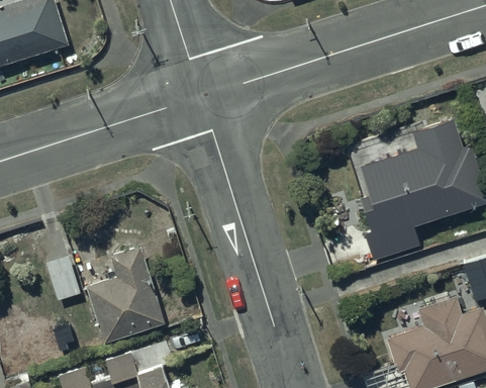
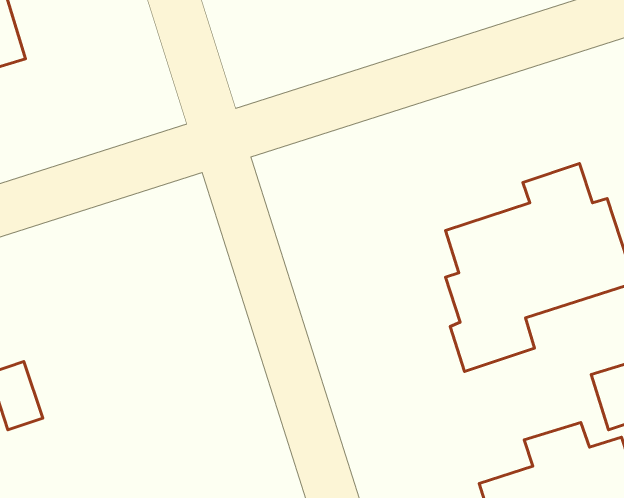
building: [85,246,164,344] -> none

